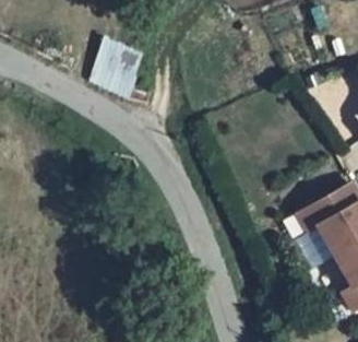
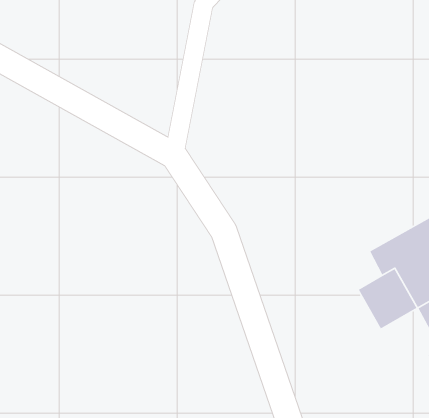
building: [90,47,142,95] -> none

